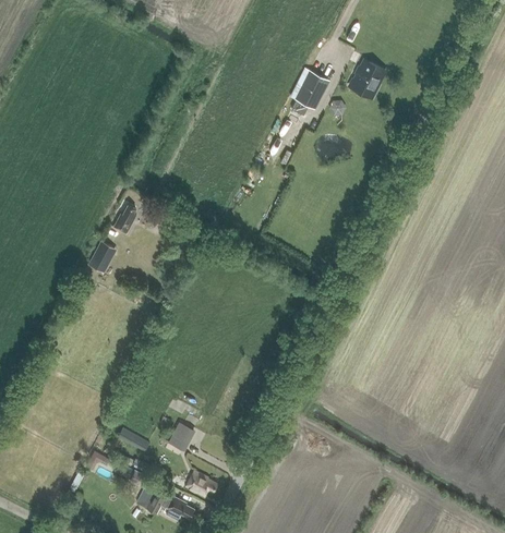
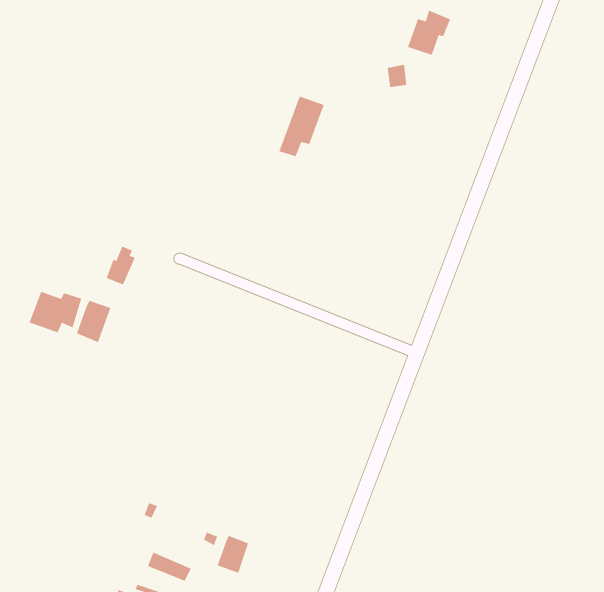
building: [291,72,328,116] -> [279,96,325,157]
building: none -> [29,284,82,333]

